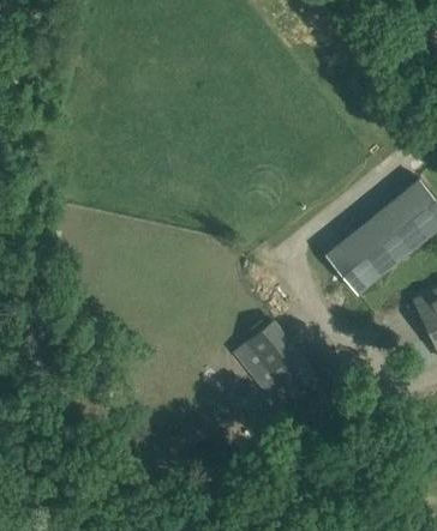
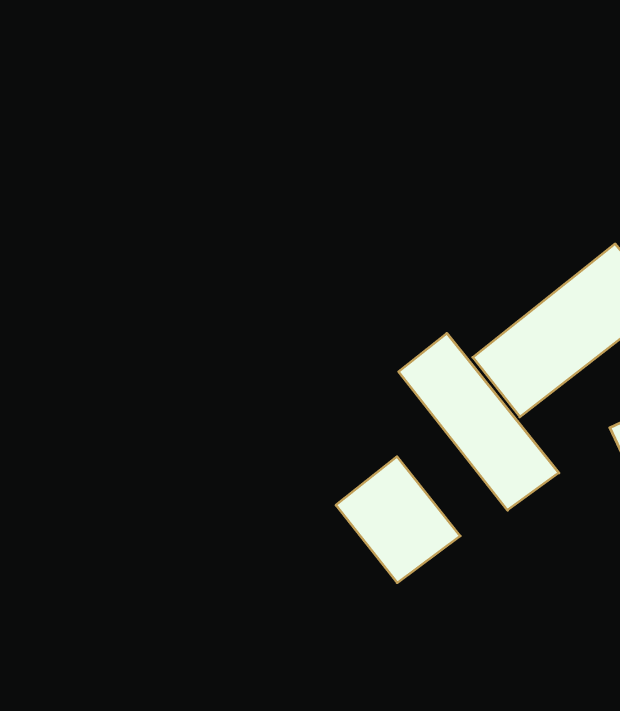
building: none -> [399,333,559,510]

